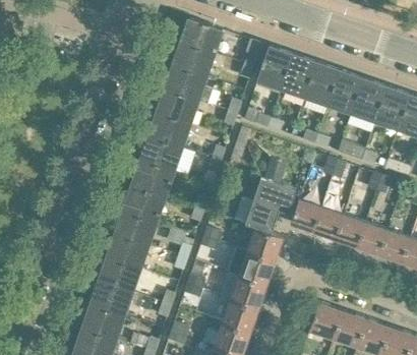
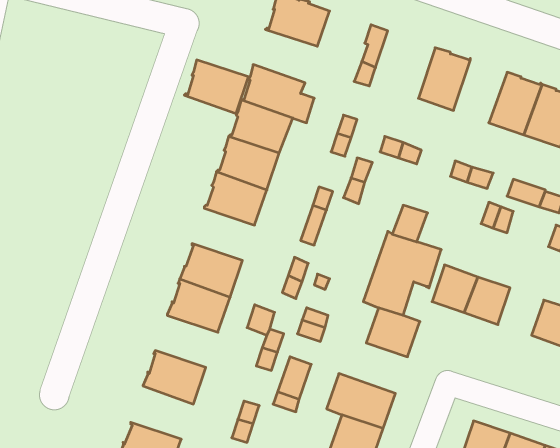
building: [172,42,215,77] -> [184,60,249,113]
building: [257,46,293,87] -> none
building: [305,62,341,104] -> none
building: [131,161,173,195] -> none
building: [335,214,365,245] -> none
building: [107,232,148,267] -> none
building: [229,247,275,284] -> none
building: [91,279,132,314] -> none

